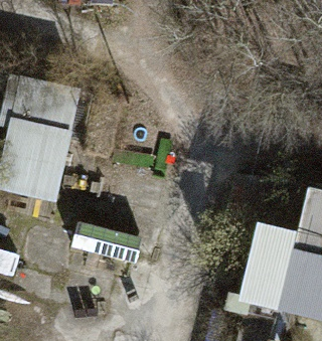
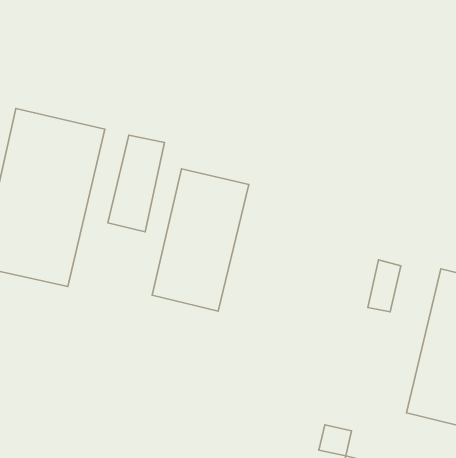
building: none -> [152,169,249,311]

